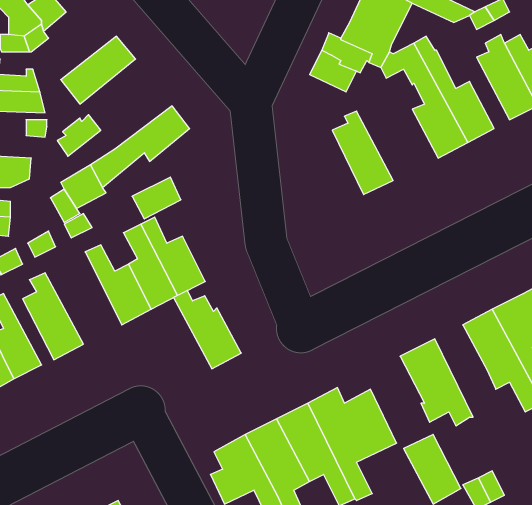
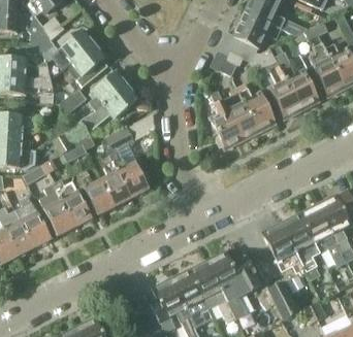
building: none -> [52,29,96,69]
building: none -> [89,70,129,110]
building: none -> [238,83,276,129]
building: none -> [212,90,243,145]
building: [173,290,241,369] -> [54,179,94,226]
building: none -> [285,214,321,280]

